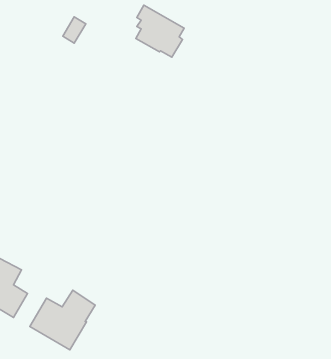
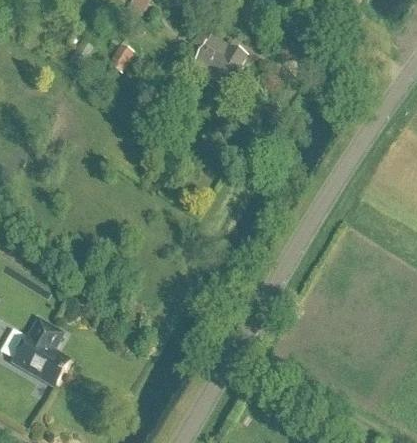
building: [30,290,95,350] -> none

